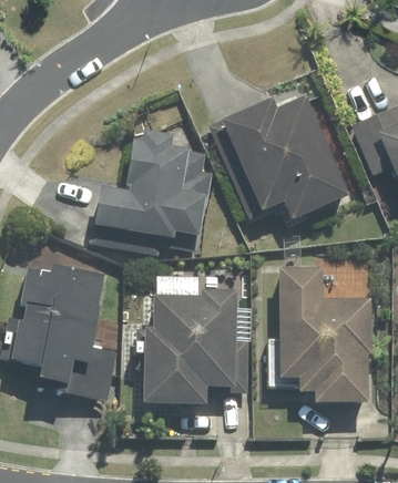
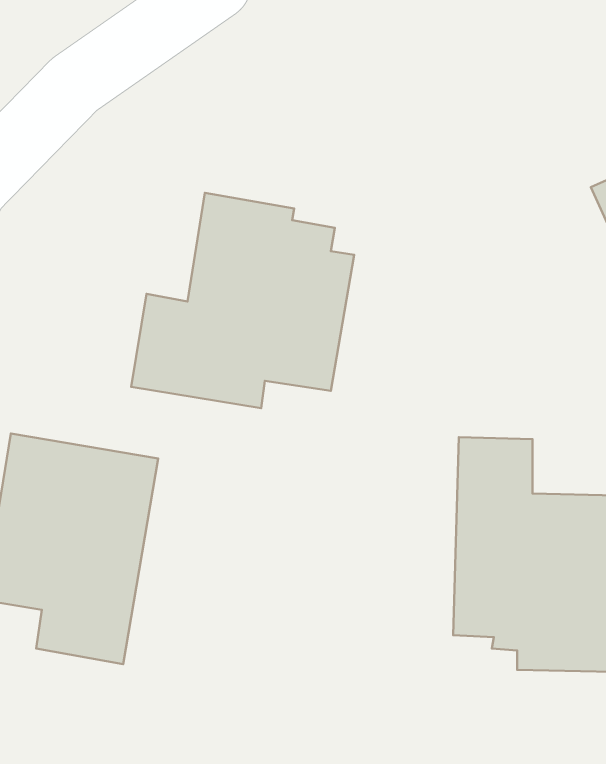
building: [217,96,348,218] -> none
building: [142,295,237,404] -> none

